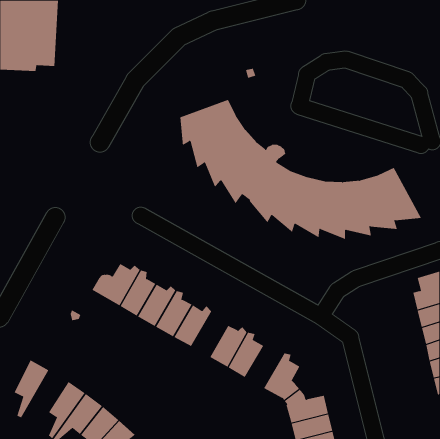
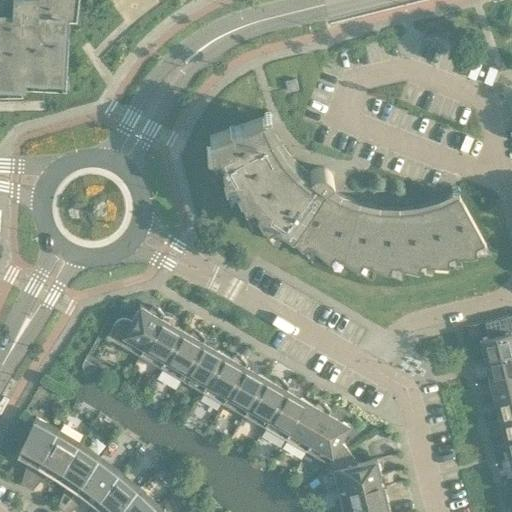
building: none -> [222,363,264,416]
building: none -> [284,403,329,452]
building: none -> [25,431,79,491]

